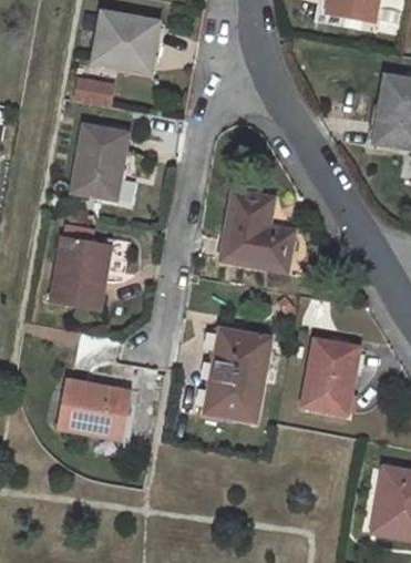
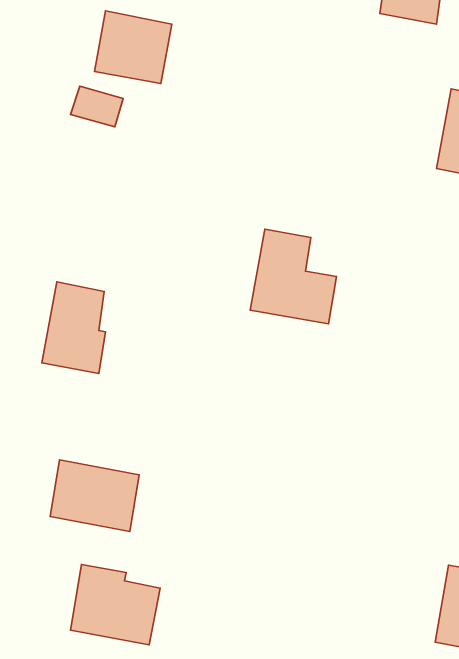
building: [72,124,129,199] -> none
building: [206,330,269,420] -> none
building: [301,339,358,413] -> none
building: none -> [70,565,160,645]

